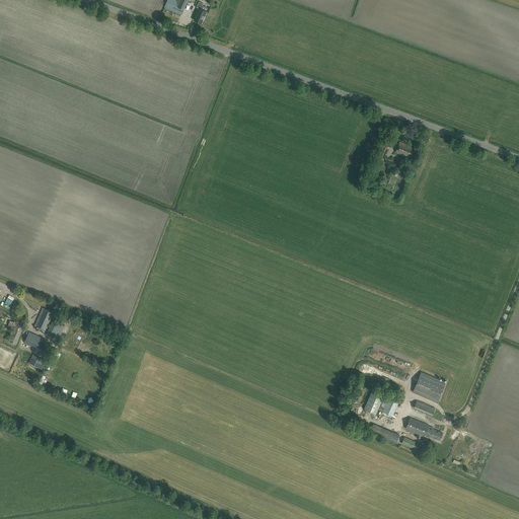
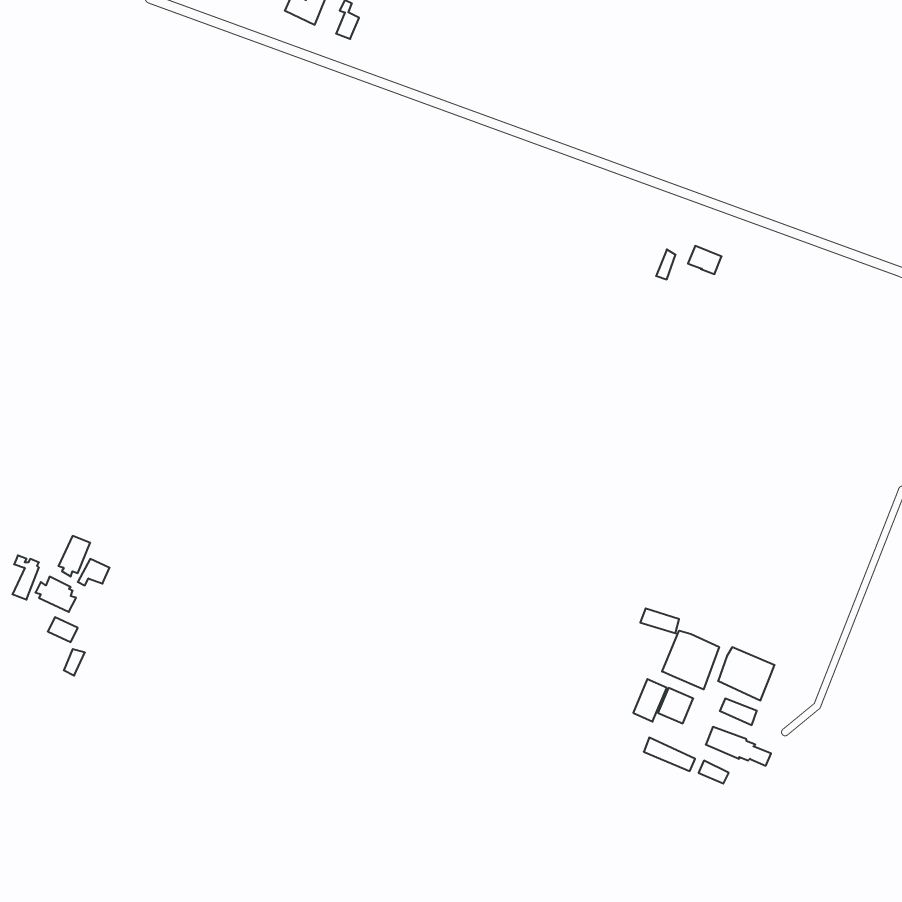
building: none -> [662,631,719,689]

